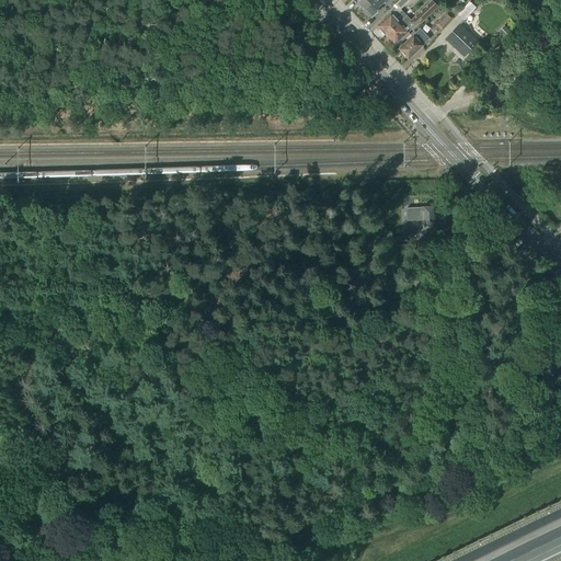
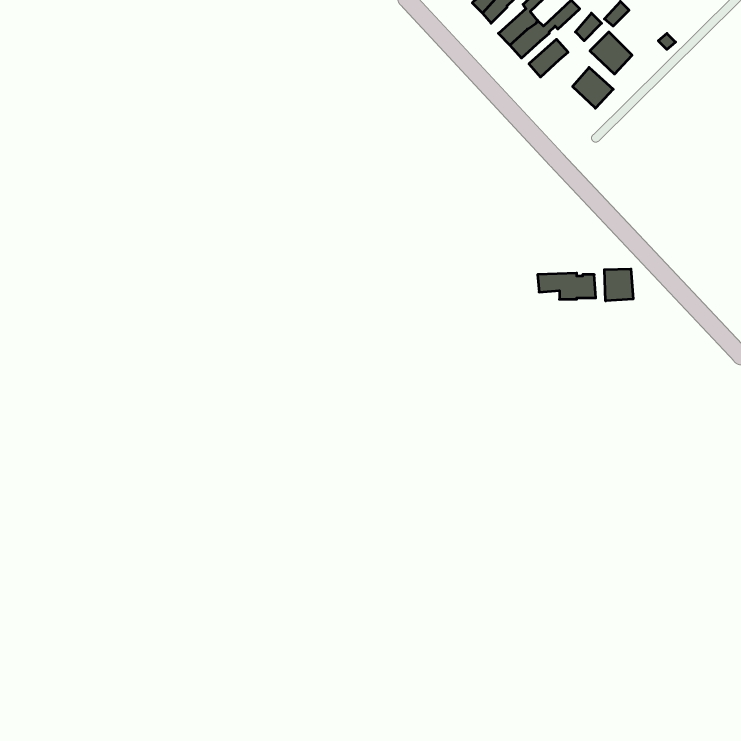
building: none -> [573,67,613,108]
building: none -> [604,269,633,301]

